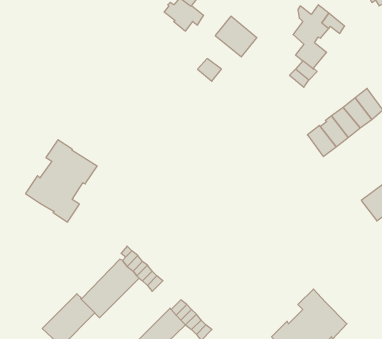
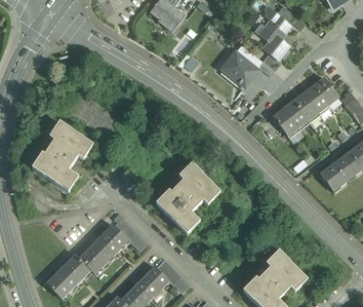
building: [215,16,257,57] -> [221,51,257,86]
building: none -> [155,162,219,234]

